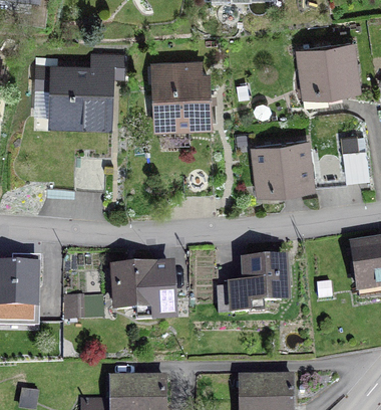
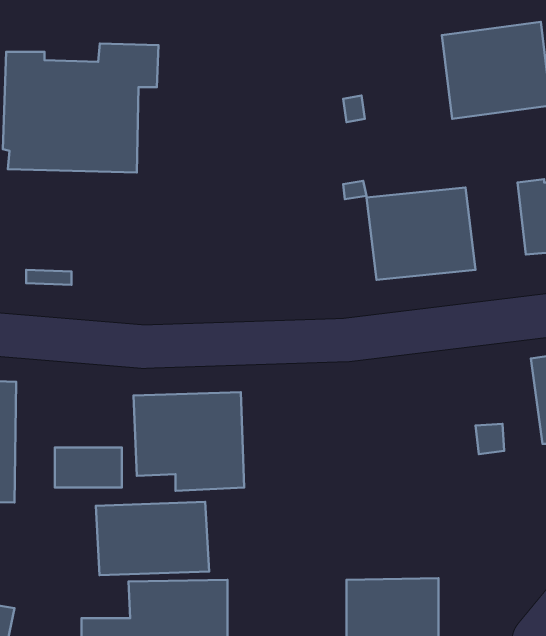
building: [149,59,212,132] -> none
building: [227,255,291,316] -> none
building: none -> [96,502,209,575]

